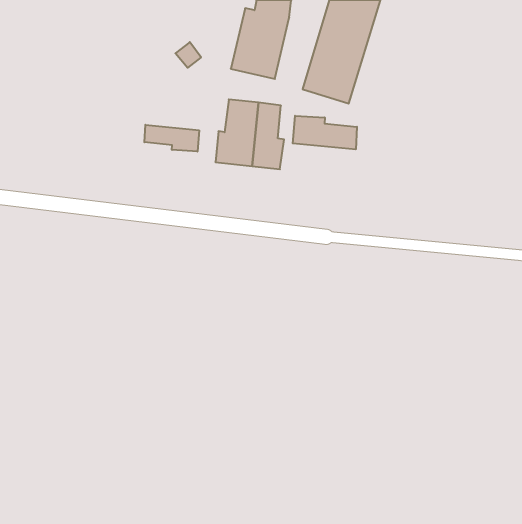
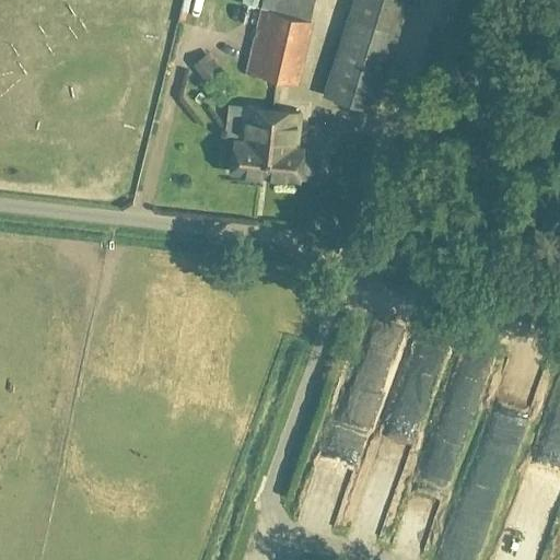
building: [293,116,357,149] -> none
building: [144,125,199,152] -> none

